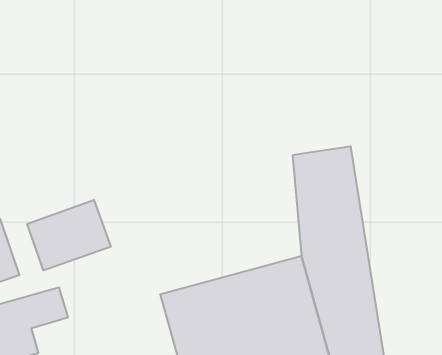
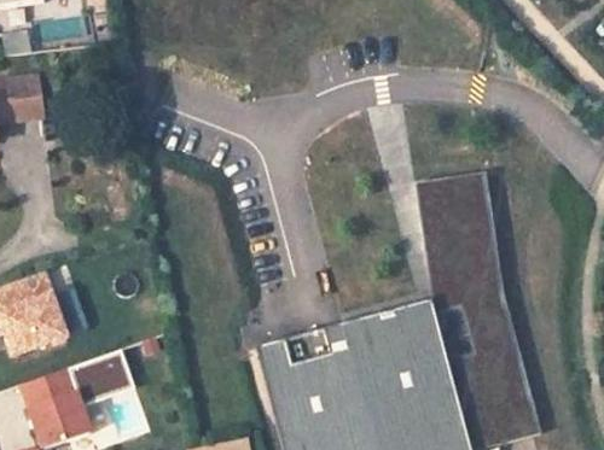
building: [27,200,111,270] -> none

